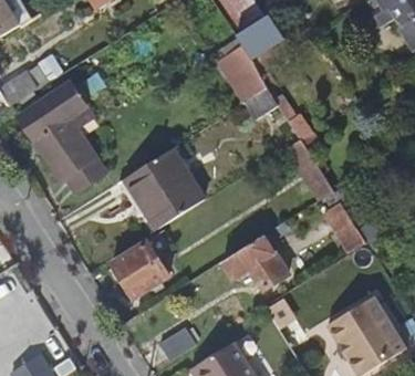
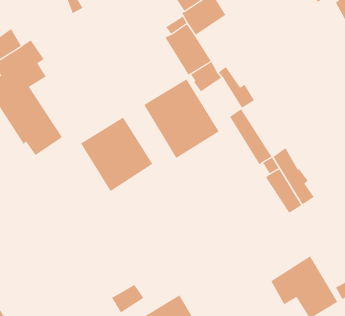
building: none -> [143,78,219,159]
building: [106,231,174,299] -> none
building: [225,236,289,289] -> none

